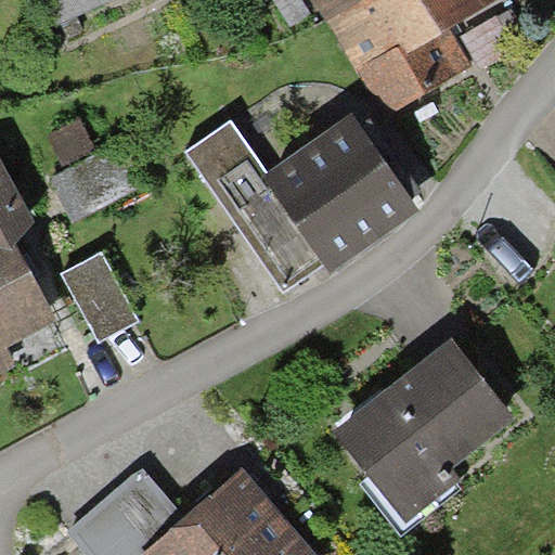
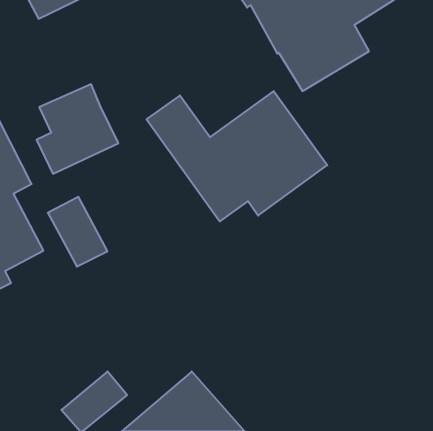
building: [330,339,512,531] -> none

